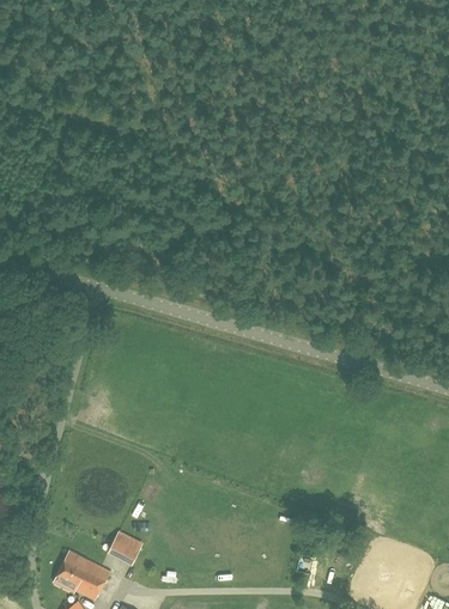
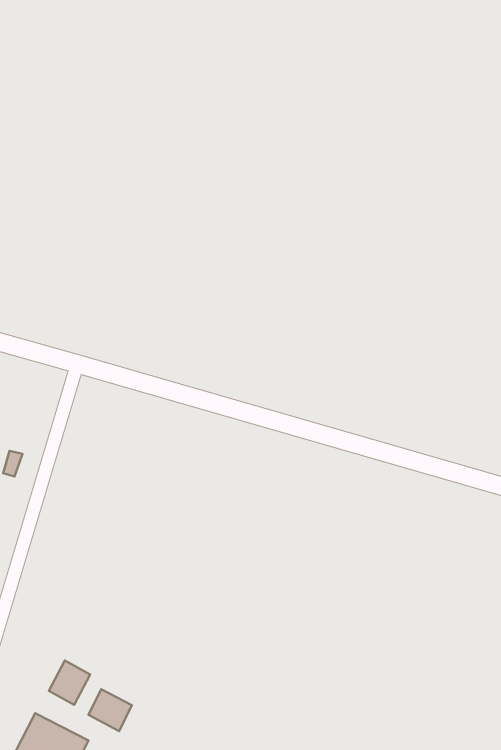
building: none -> [49,660,90,705]

